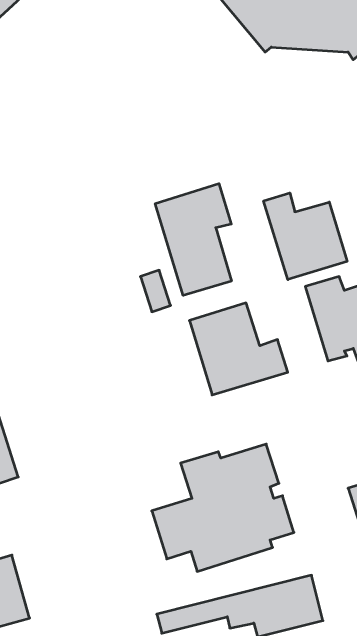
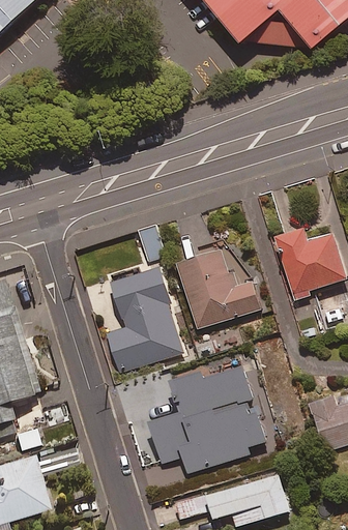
building: [155,184,231,295] -> none
building: [264,193,347,280] -> none
building: none -> [106,266,181,369]

